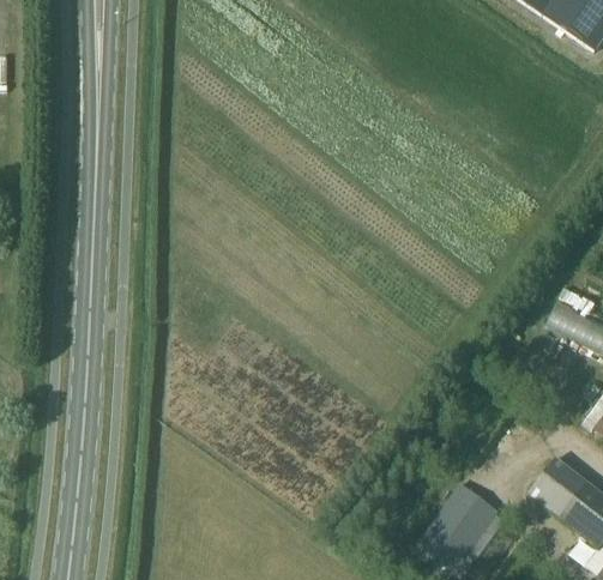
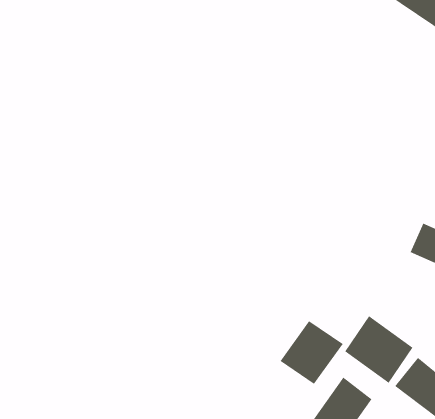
building: none -> [344,315,414,384]
building: none -> [279,320,344,385]

